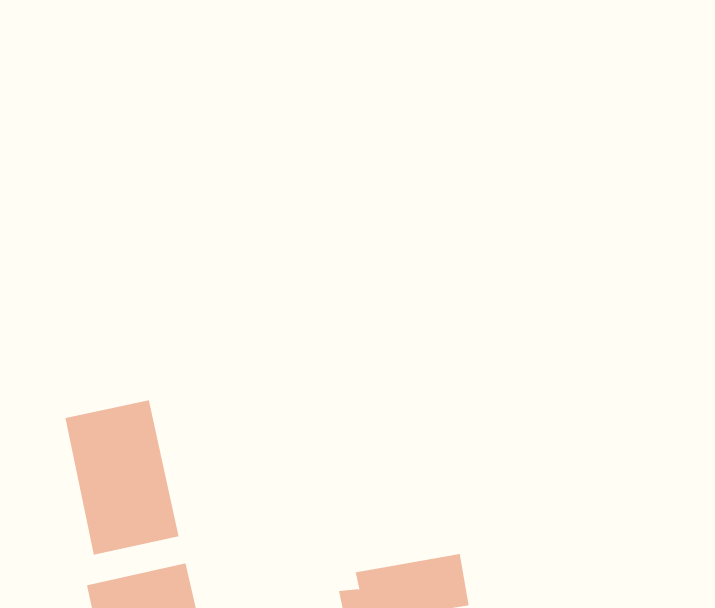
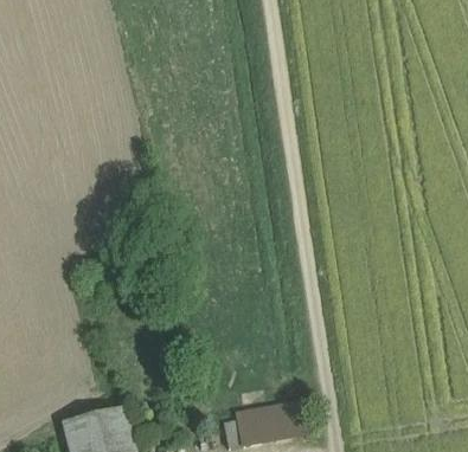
building: [65,400,179,556] -> none

